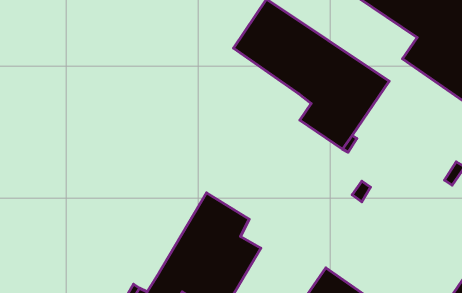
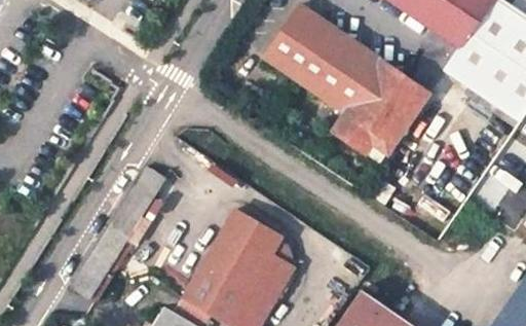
building: none -> [73,169,164,299]

